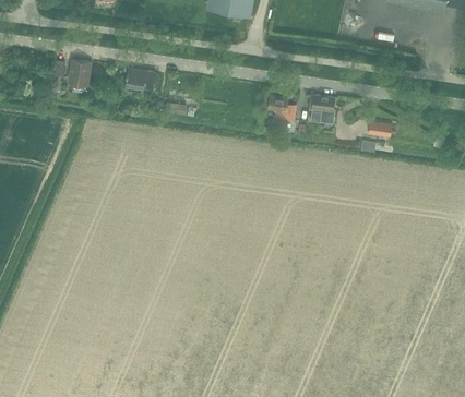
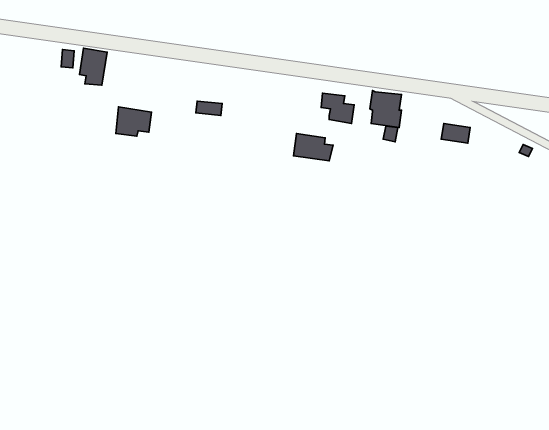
building: [126,67,155,91] -> [116,107,151,136]
building: none -> [294,134,333,161]

